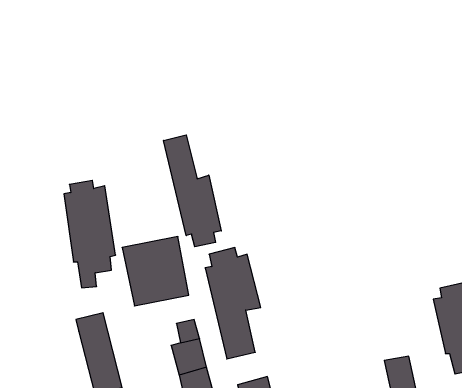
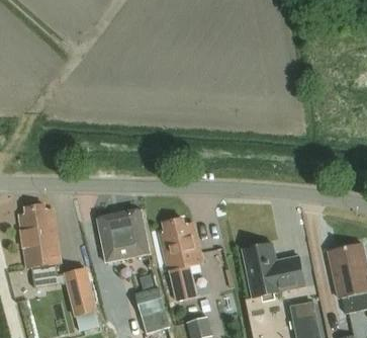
building: [164,135,221,247] -> none
building: [64,180,116,288] -> [20,206,59,286]
building: none -> [242,244,305,299]

